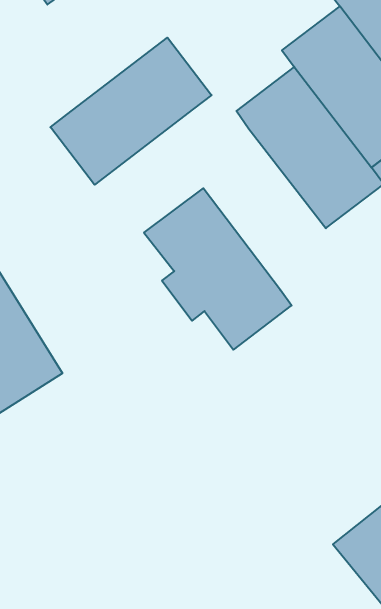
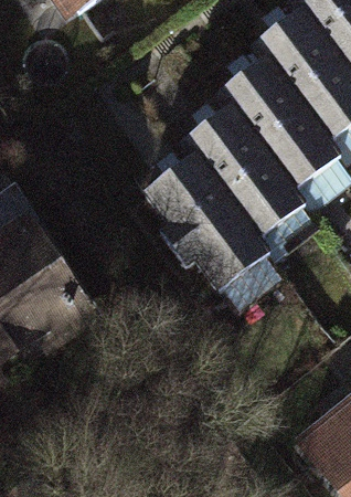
building: [50,38,212,185] -> none
building: none -> [180,112,298,241]

